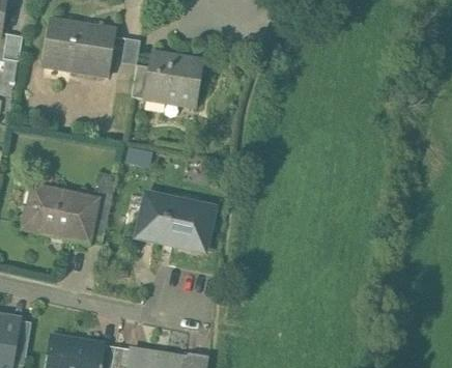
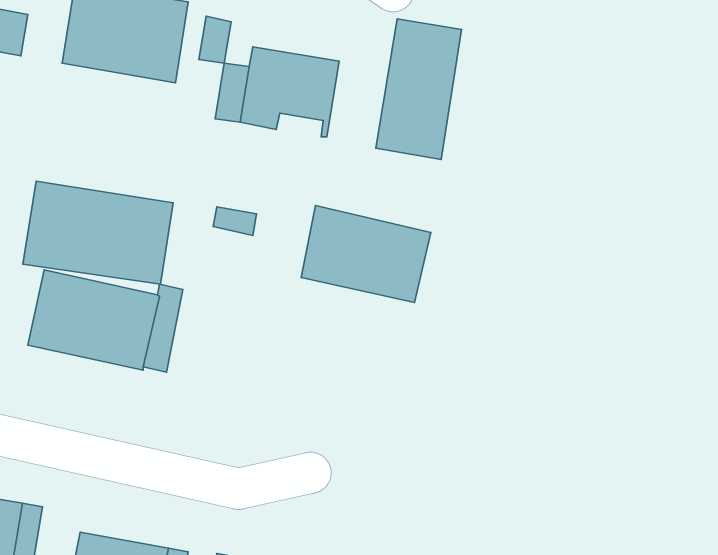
building: none -> [376,19,461,159]
building: none -> [23,181,173,284]
building: [137,193,211,249] -> [301,206,431,303]

